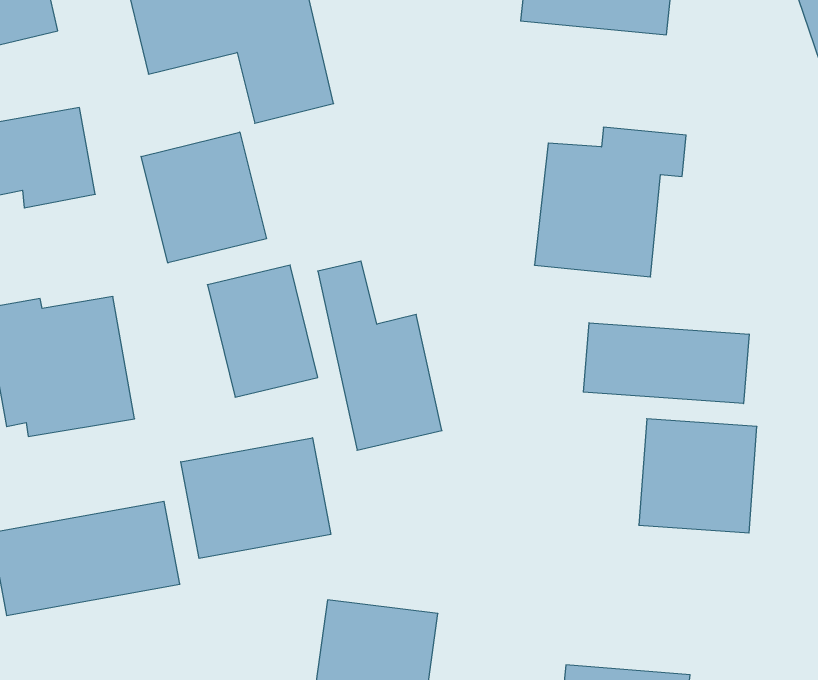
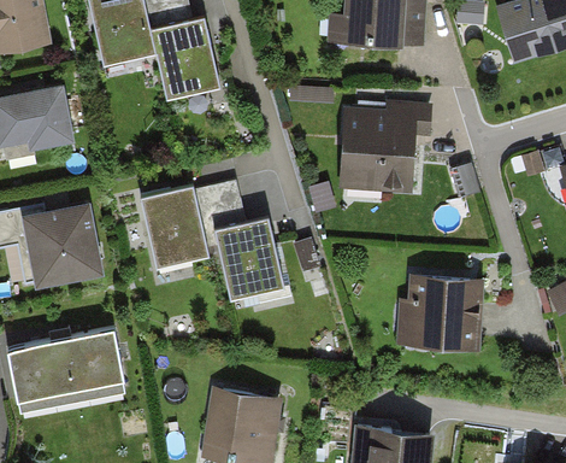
building: [141,132,266,263] -> none
building: [583,323,749,404] -> none
building: [181,438,331,558] -> none

